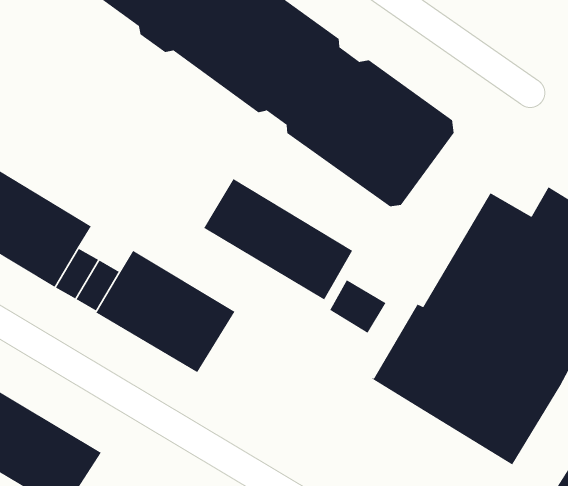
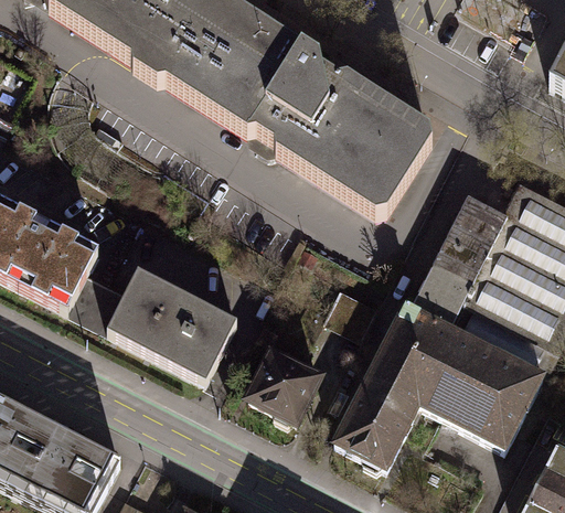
building: [203,178,353,300] -> none
building: none -> [249,349,320,419]
building: none -> [335,373,420,464]

